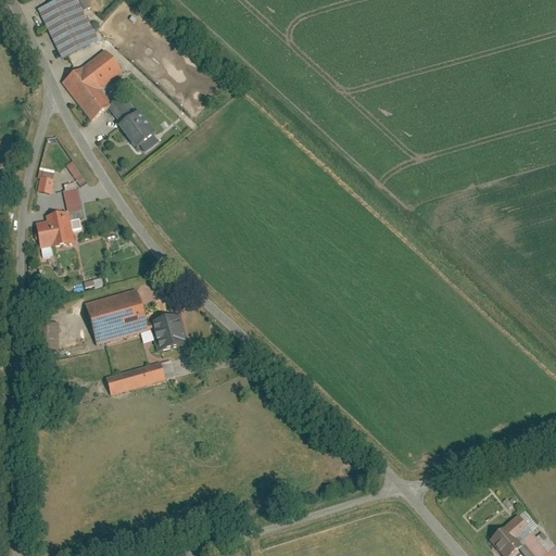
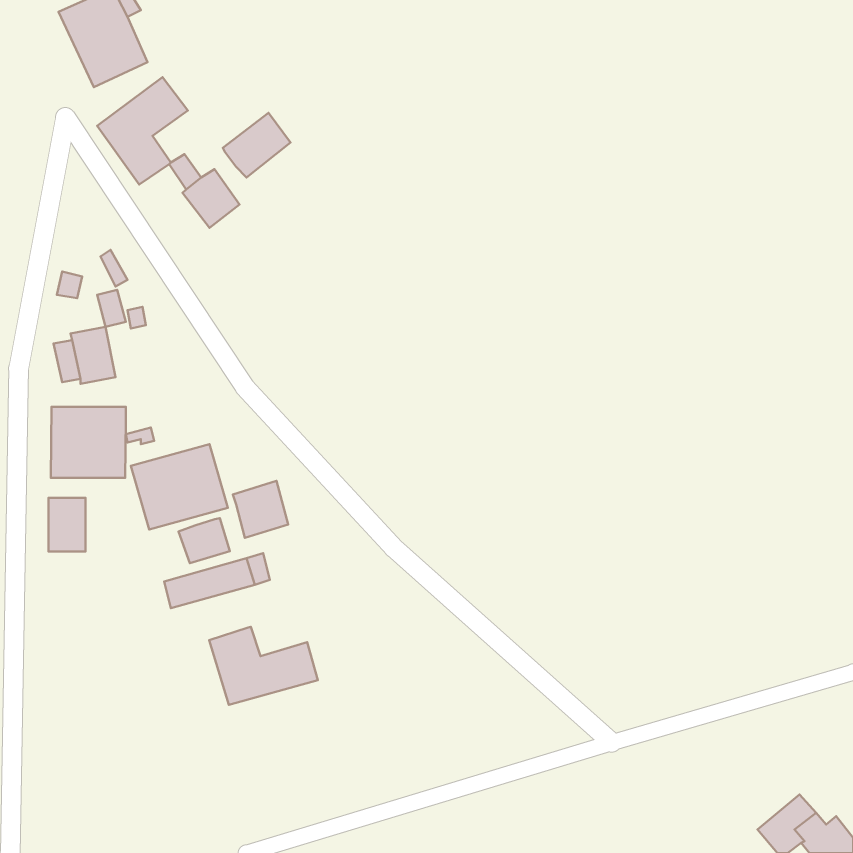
building: none -> [223,113,290,177]
building: none -> [51,407,126,478]
building: none -> [178,518,230,563]
building: none -> [209,627,318,705]

